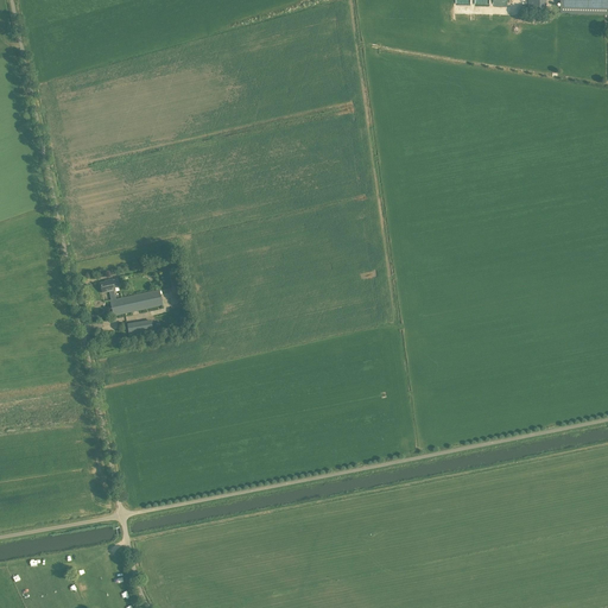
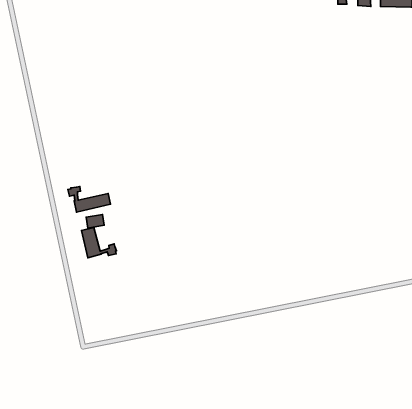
building: none -> [81,228,116,258]

